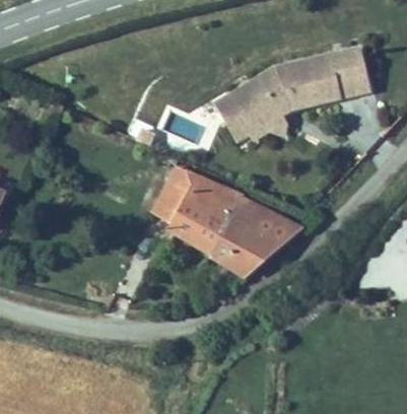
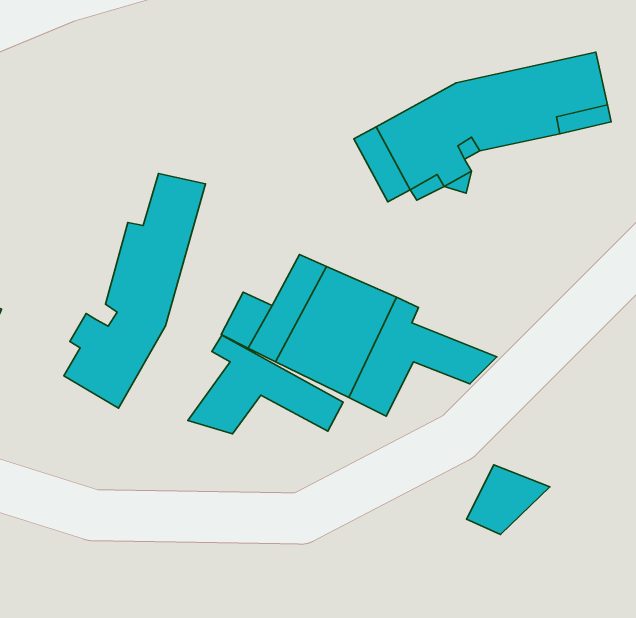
building: none -> [64,173,206,408]
building: none -> [188,335,343,434]
building: [234,231,284,273] -> [467,465,550,534]

